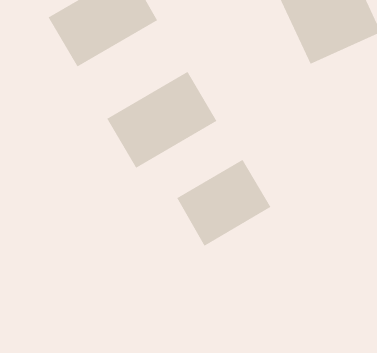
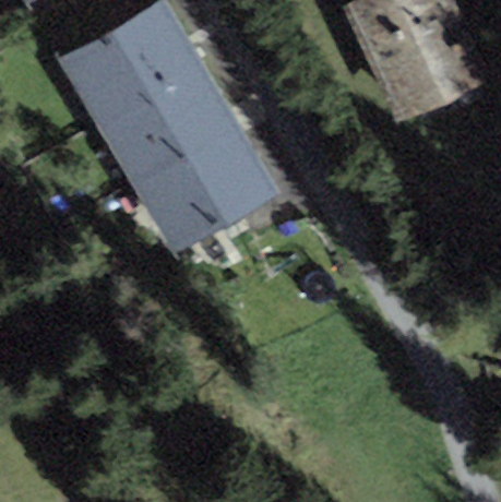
building: none -> [99,63,241,189]
building: [176,159,272,247] -> none

